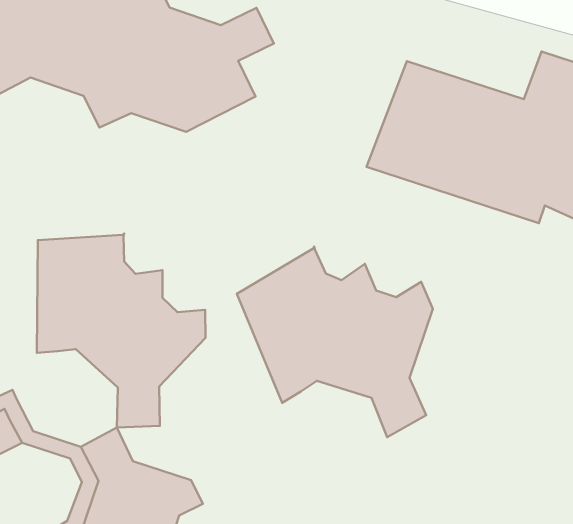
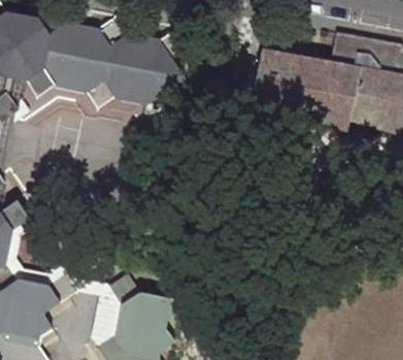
building: [37,234,205,428] -> none
building: [237,247,433,437] -> none

